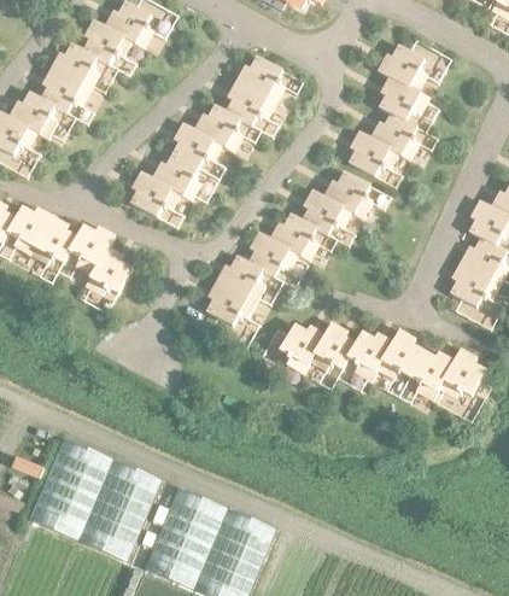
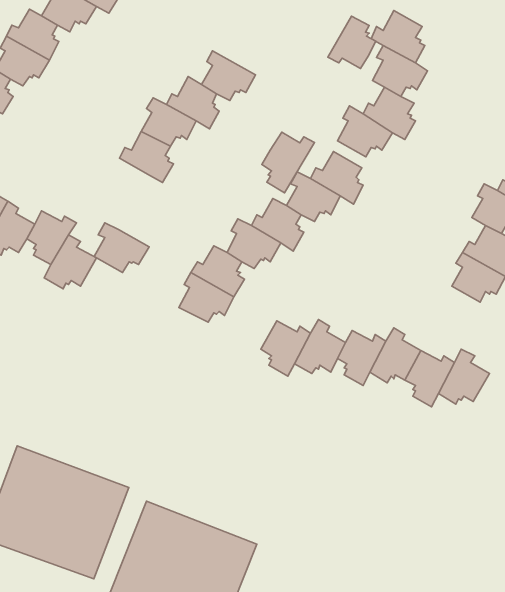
building: none -> [328,16,376,68]
building: [235,57,283,104] -> none
building: none -> [262,132,315,193]
building: [130,173,180,217] -> [94,223,149,272]

